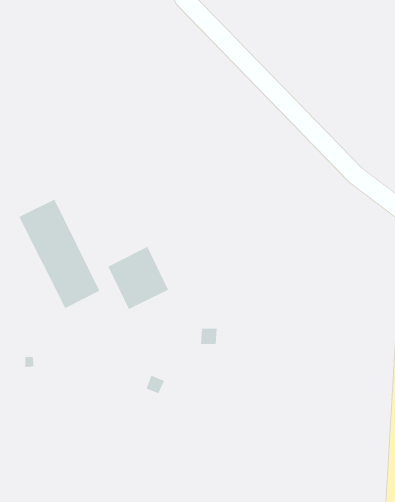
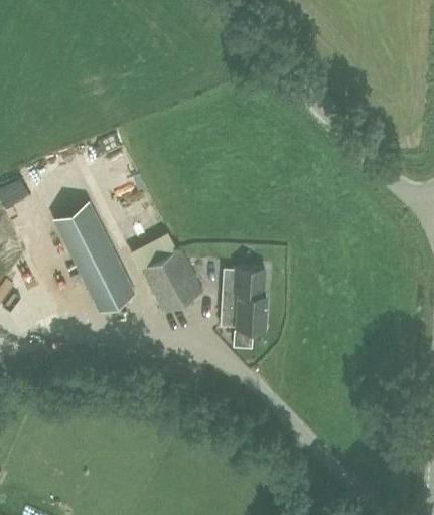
building: none -> [222,269,267,329]

